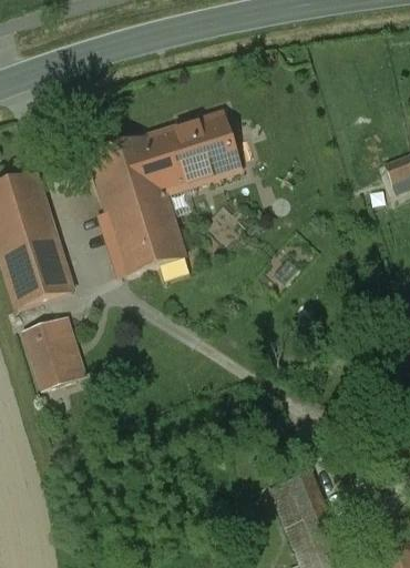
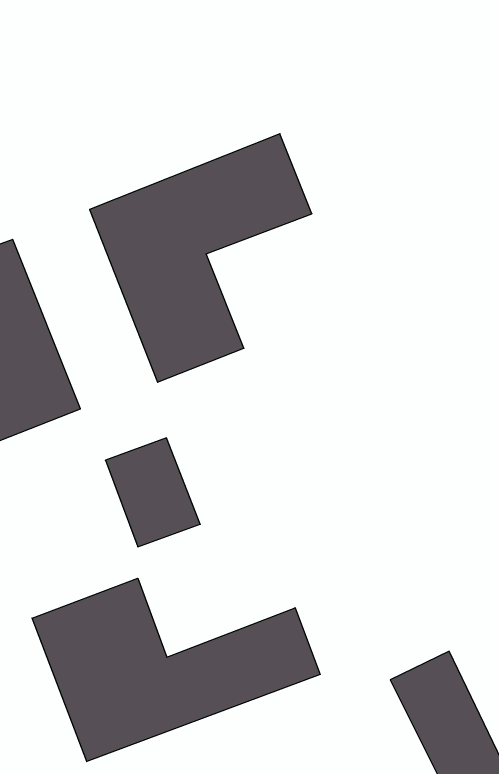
building: [24,317,85,389] -> [105,438,200,547]
building: none -> [32,578,320,762]

